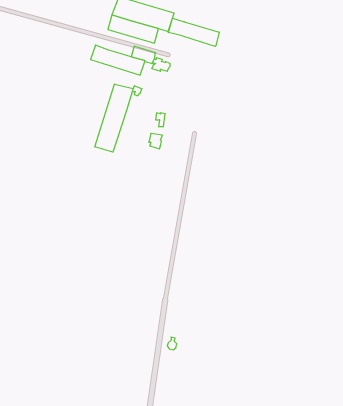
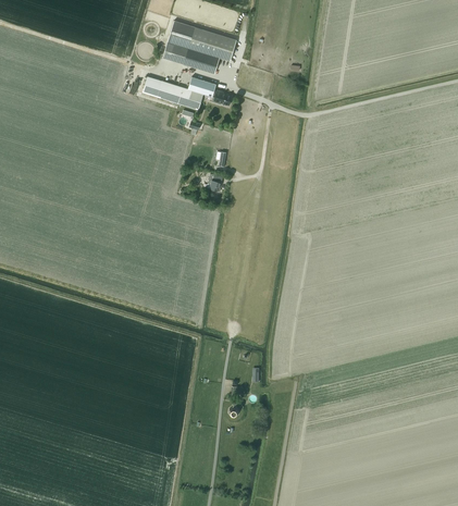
building: [168,18,219,46] -> none
building: [95,84,133,152] -> none

